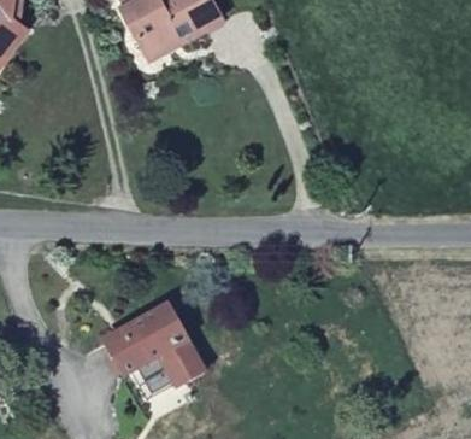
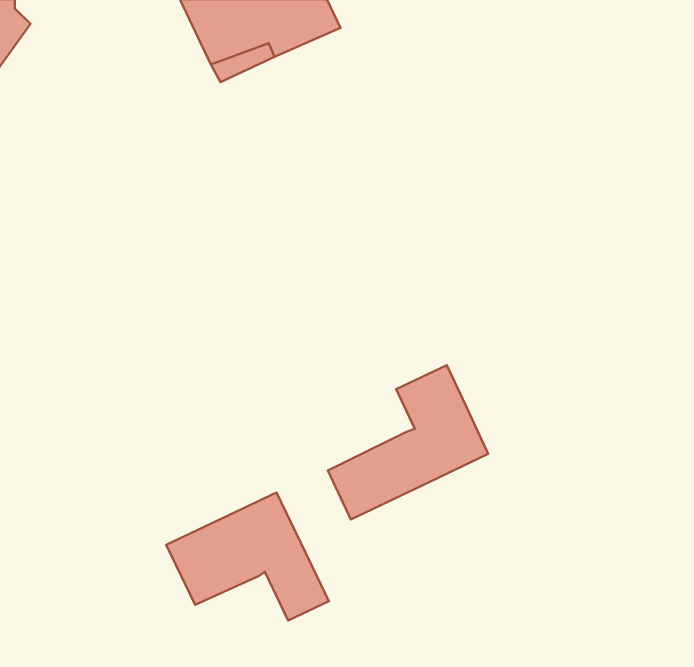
building: none -> [328,365,488,520]

